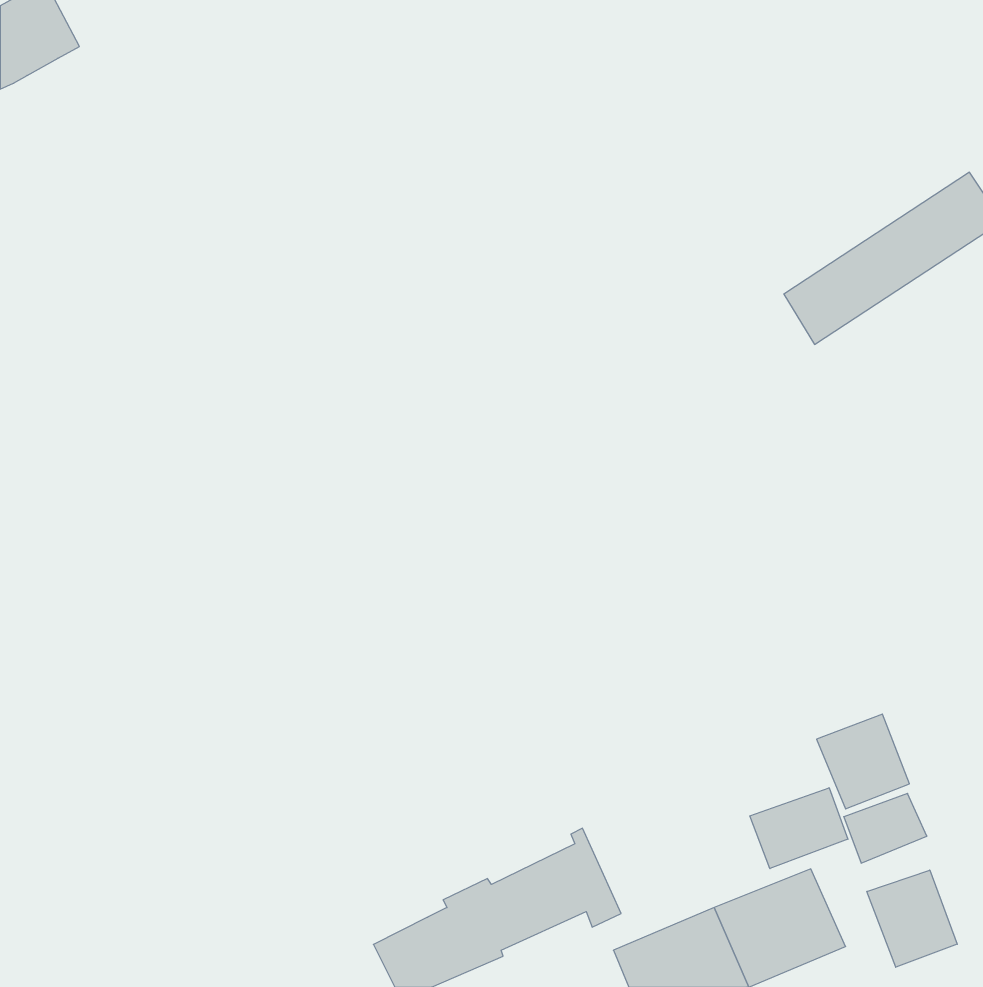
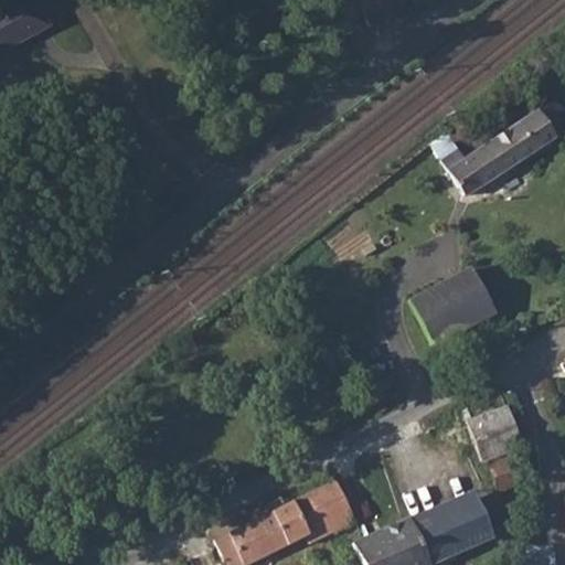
building: none -> [412,269,504,348]
building: [750,788,848,869] -> none
building: [867,870,957,967] -> none

